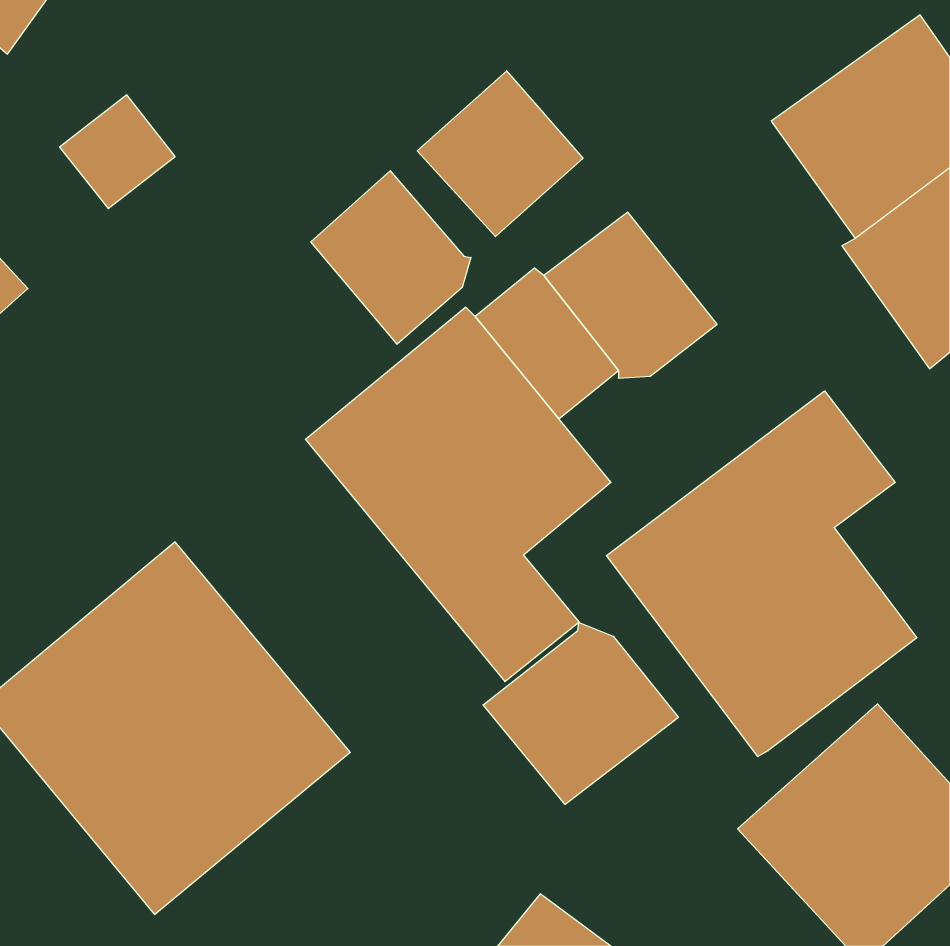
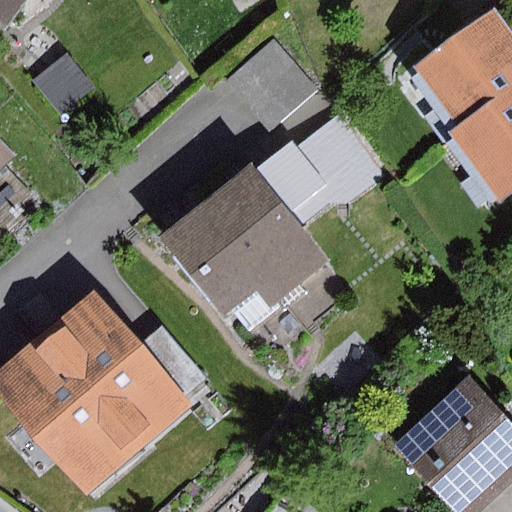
building: [311,171,471,344] -> none
building: [606,391,917,757] -> none
building: [483,622,678,804] -> none

